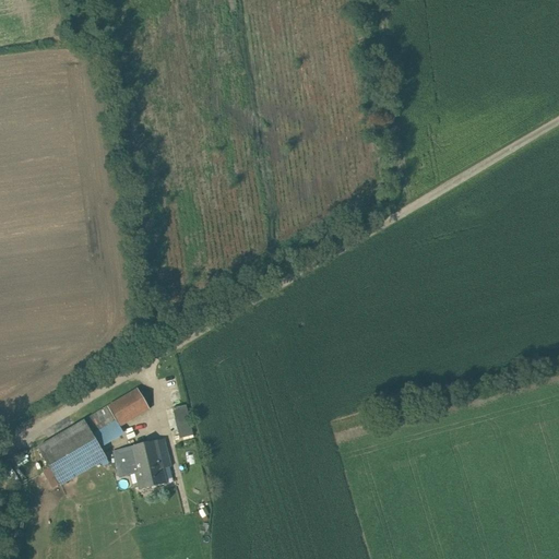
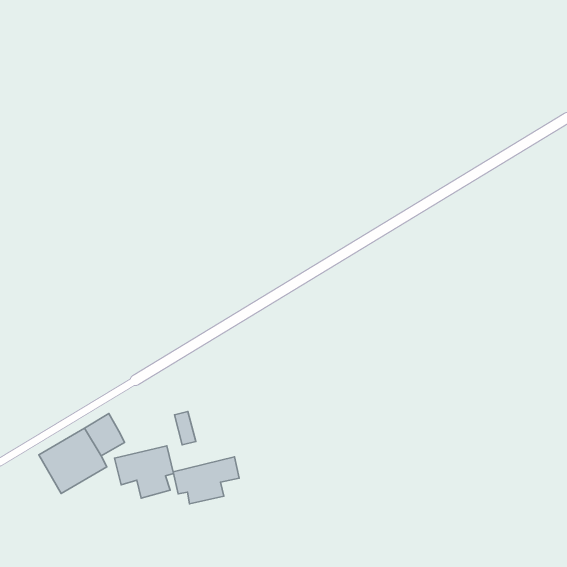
building: [107,390,148,426] -> none
building: none -> [173,457,239,504]

